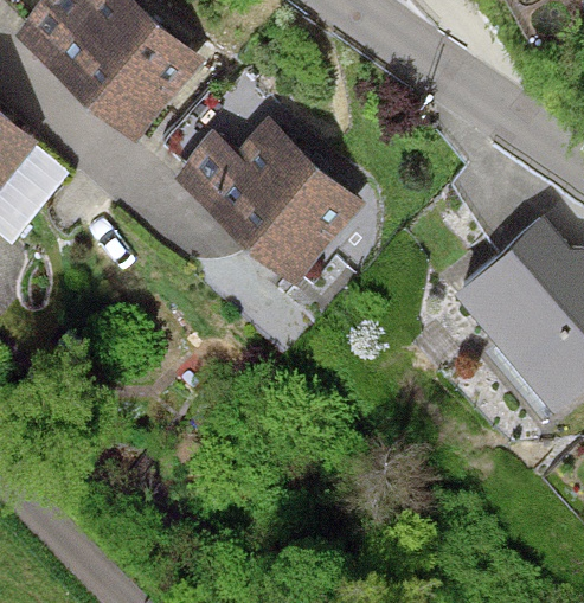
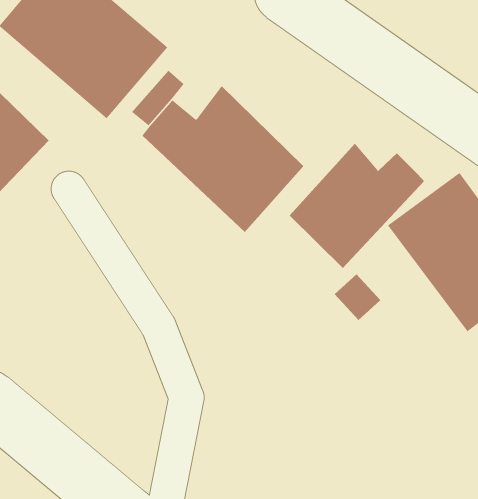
building: none -> [289,143,425,269]

